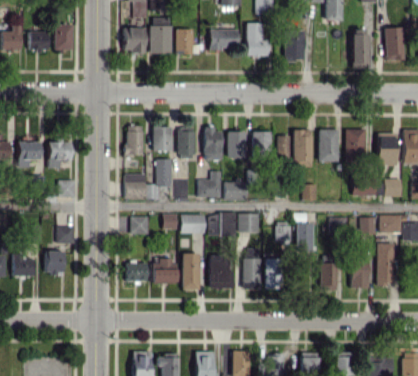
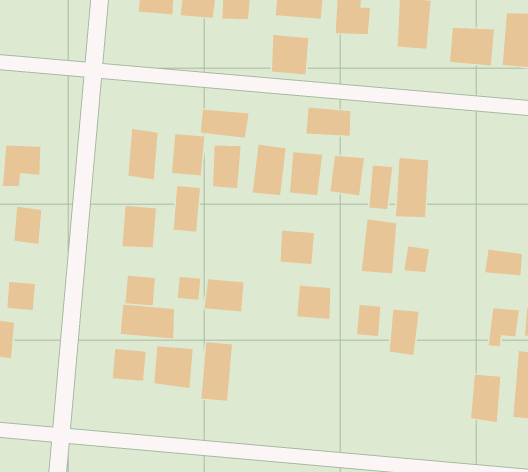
building: none -> [449,27,495,66]
building: none -> [271,34,309,75]
building: none -> [305,107,351,137]
building: none -> [200,109,250,139]
building: [318,128,338,161] -> [361,219,397,274]
building: [345,128,366,161] -> none
building: [198,171,222,197] -> none
building: [208,212,236,236] -> none
building: none -> [120,304,175,339]
building: [243,248,261,289] -> none
building: [265,258,284,288] -> none
building: [209,259,232,288] -> none
building: [320,262,338,290] -> none

